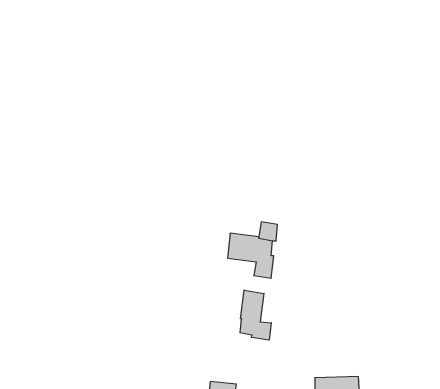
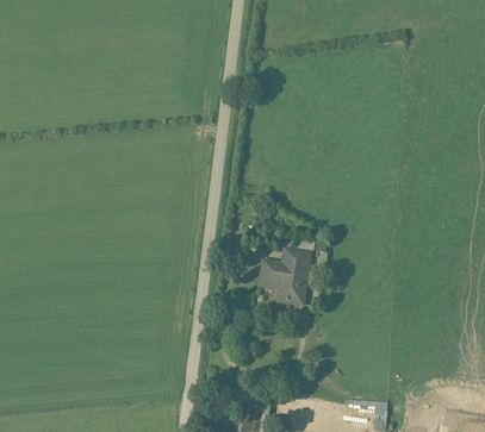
building: [240,290,271,340] -> none

